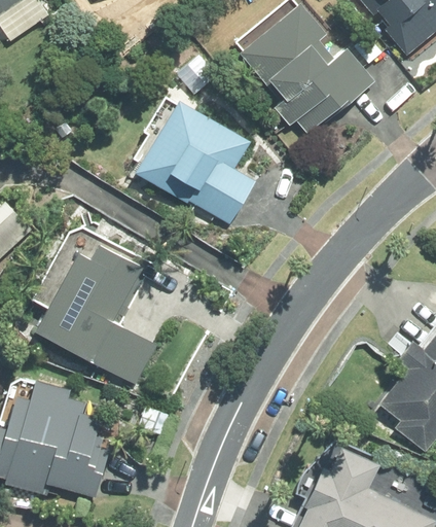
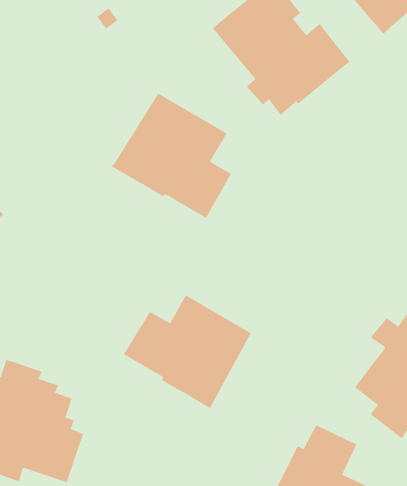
building: [34,238,159,386] -> none
building: none -> [123,294,252,409]

